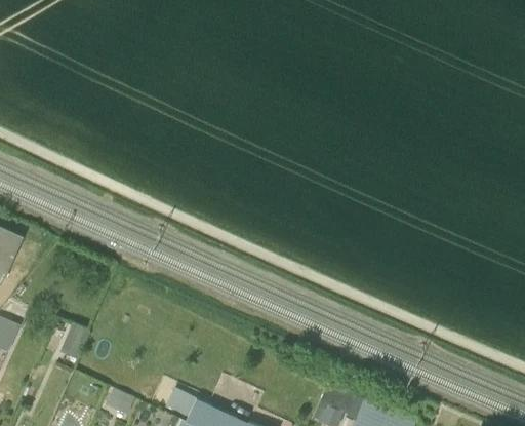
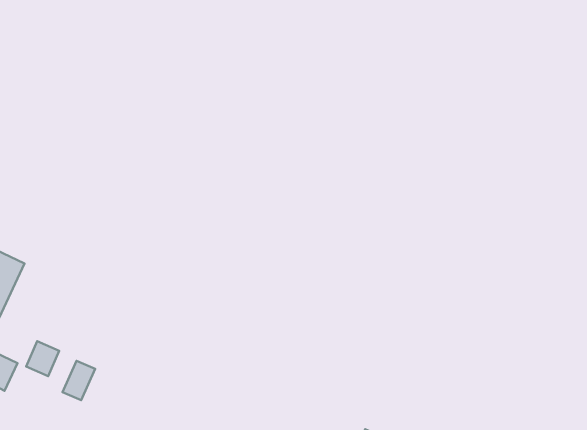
building: none -> [26,341,59,376]

